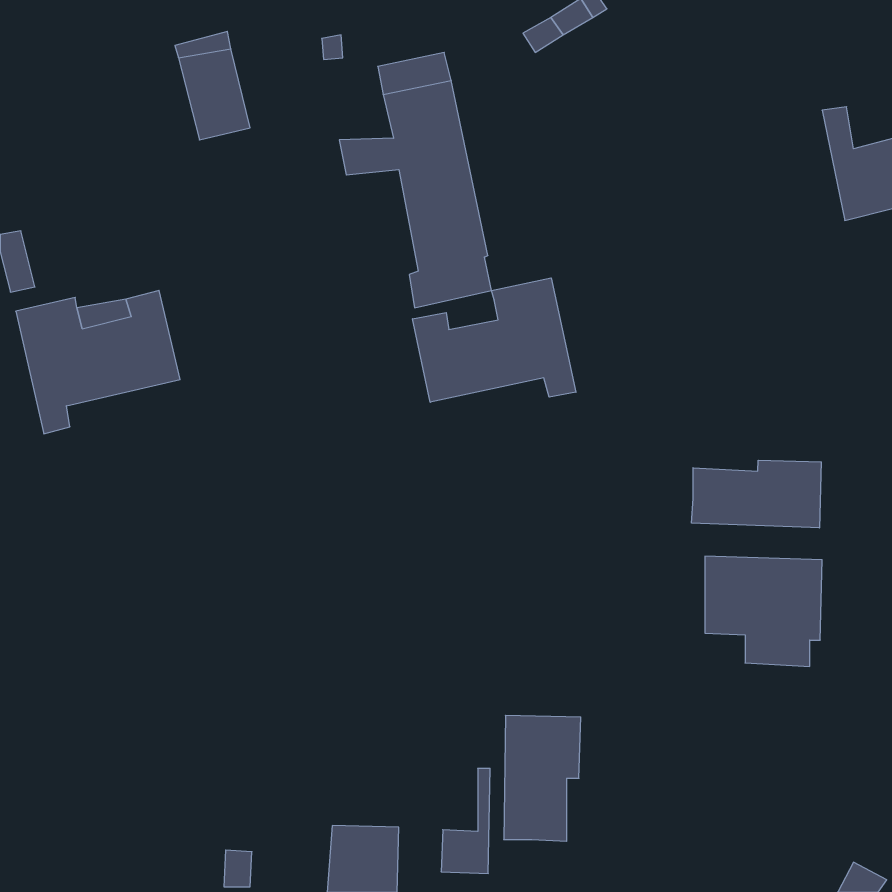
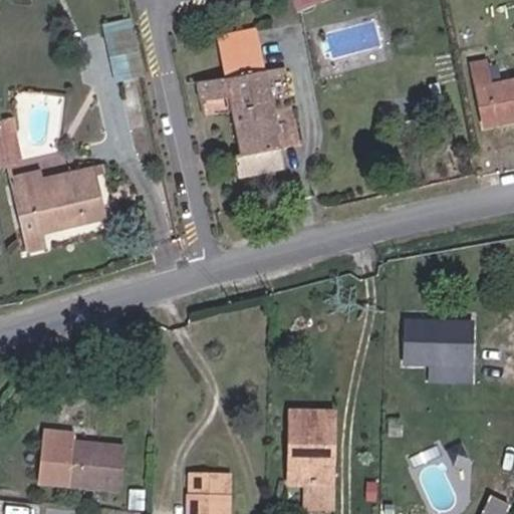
building: [413,278,576,402] -> none
building: [692,460,821,528] -> none
building: none -> [40,433,124,490]
building: [441,768,490,873] -> [305,447,333,507]

